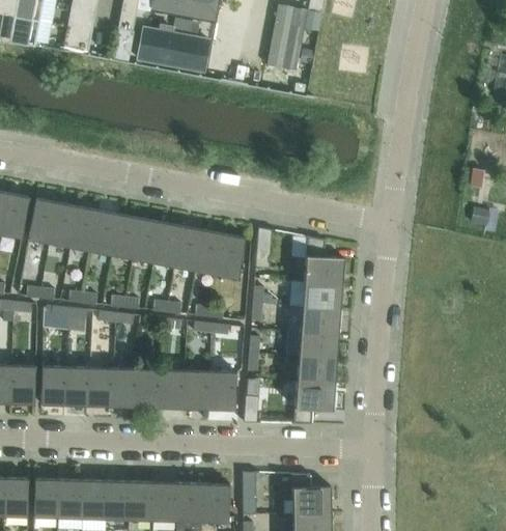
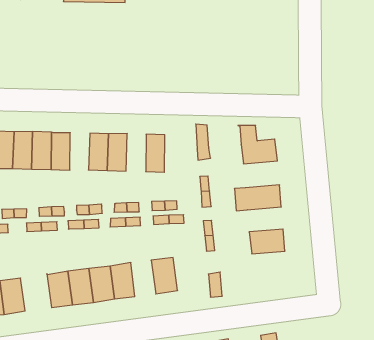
building: [110,214,139,258] -> none
building: [172,225,201,271] -> none
building: [215,233,245,279] -> none
building: [302,280,342,310] -> none
building: [285,331,338,360] -> none
building: [40,366,65,404] -> none
building: [159,369,184,409] -> none
building: [207,371,235,410] -> none
building: [290,382,334,424] -> none

